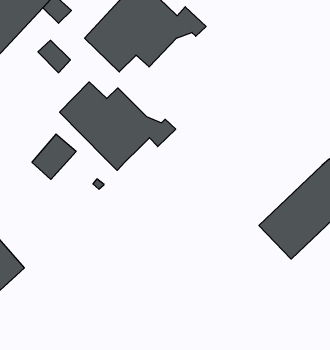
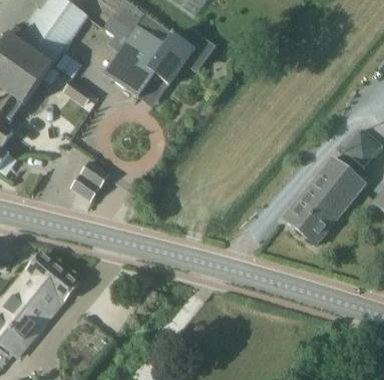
building: [60,82,176,170] -> none

